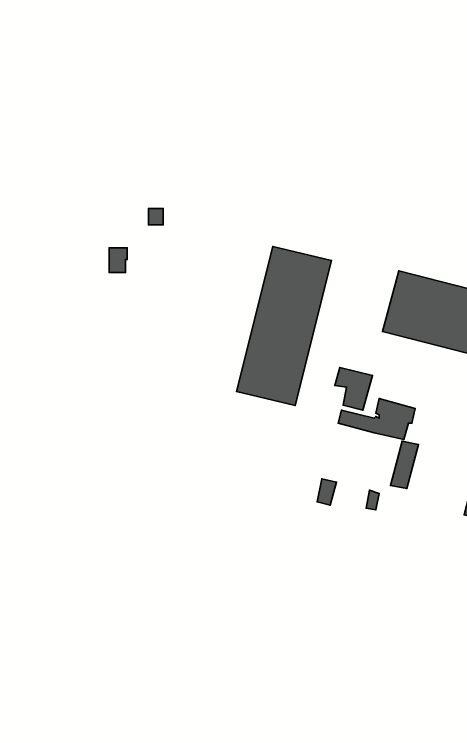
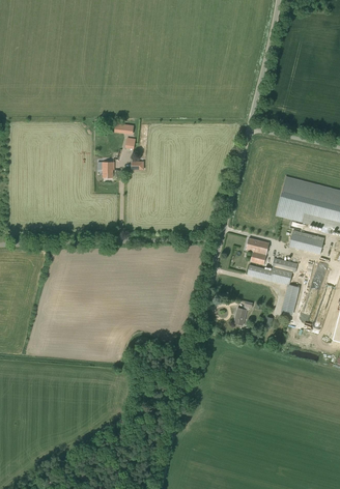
building: [237,247,331,405] -> none
building: none -> [289,230,324,253]

